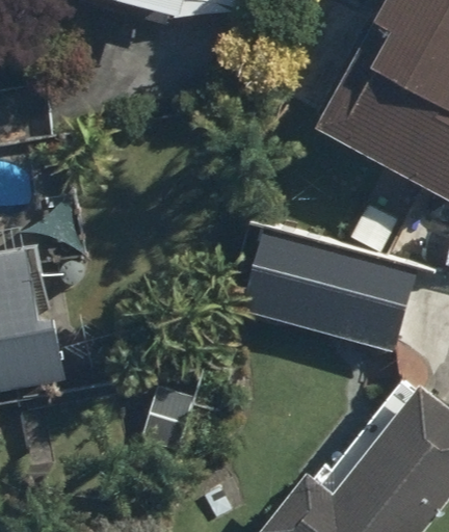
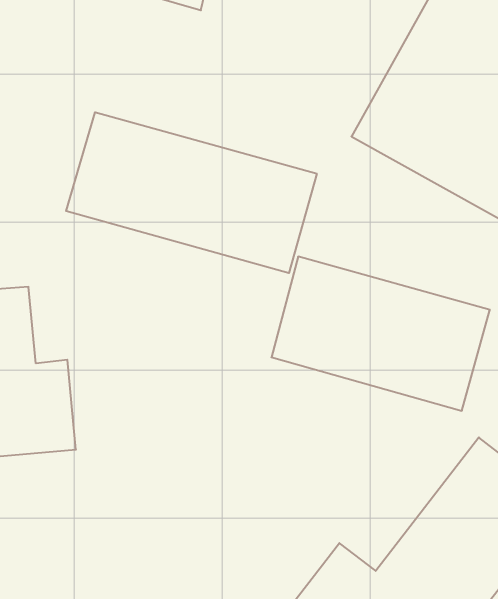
building: none -> [66,112,317,273]

